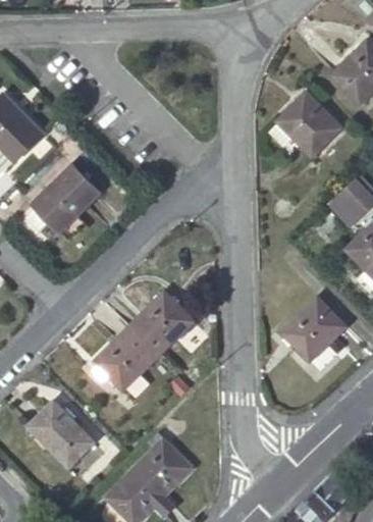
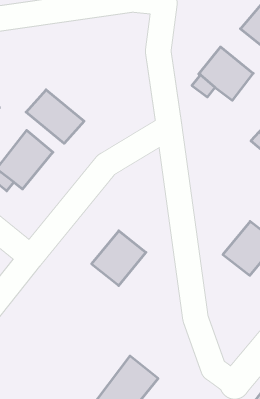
building: none -> [26,90,84,143]
building: [95,326,158,389] -> none
building: [28,401,94,466] -> none

